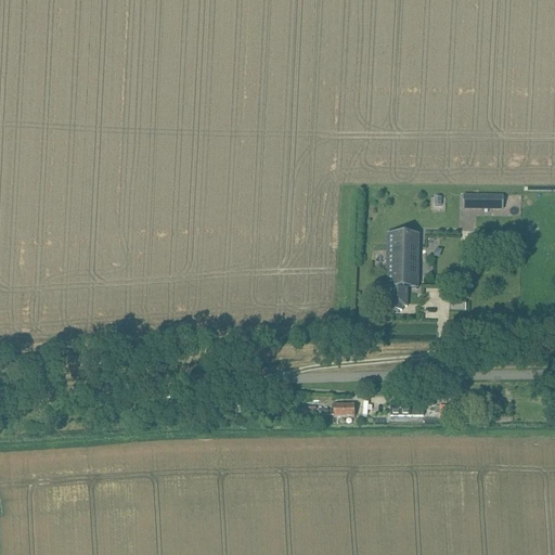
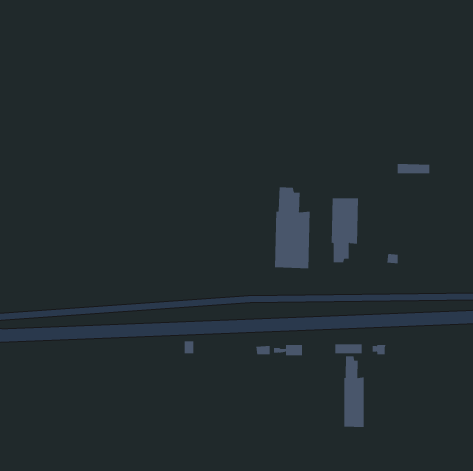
building: none -> [275,186,310,269]
building: none -> [344,356,364,428]

